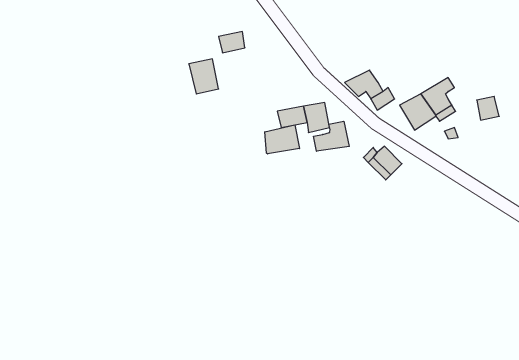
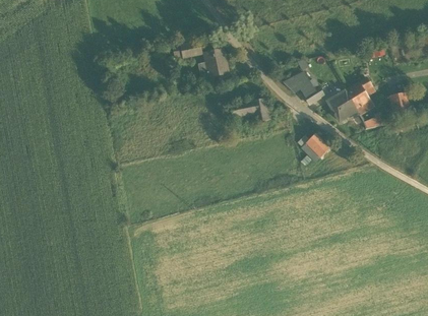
building: [189,59,219,94] -> [203,48,228,76]
building: [314,121,349,151] -> none
building: [265,125,299,154] -> none

